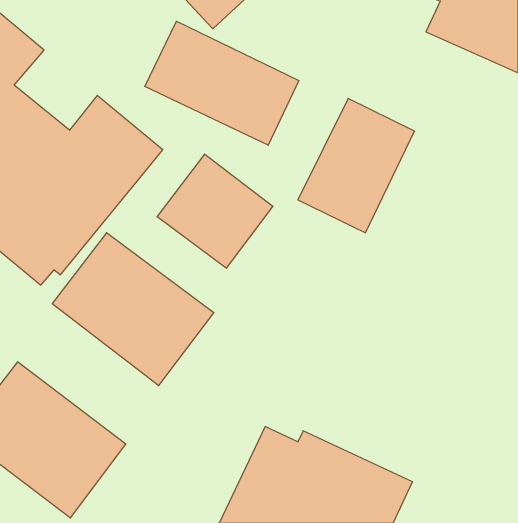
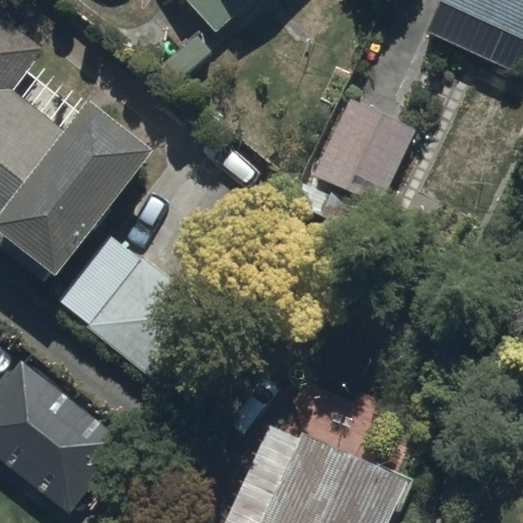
building: [145,21,299,145] -> none
building: [157,154,273,268] -> none

